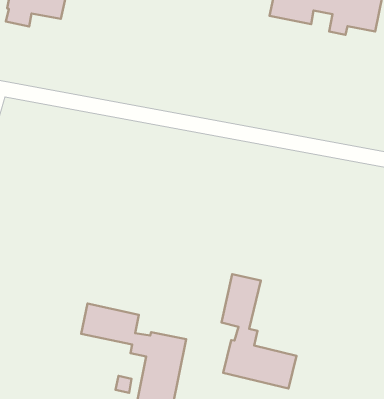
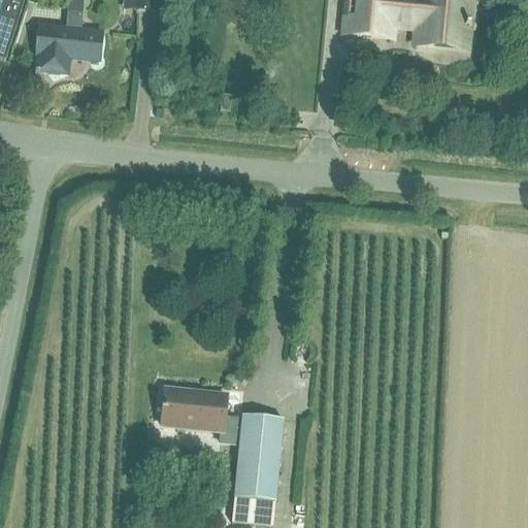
building: [221,274,296,389] -> none

